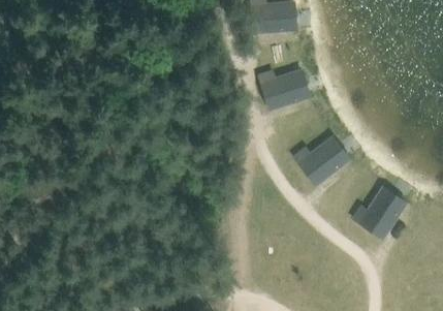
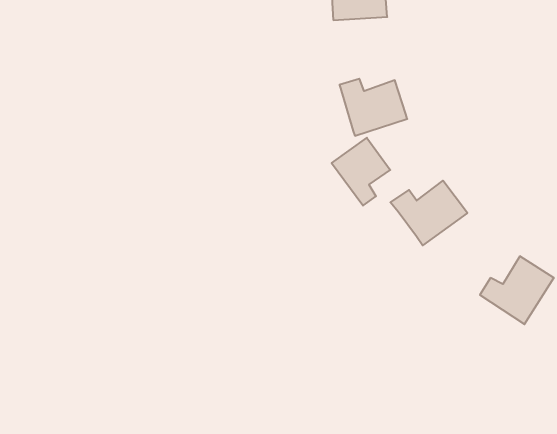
building: none -> [332,138,390,206]

